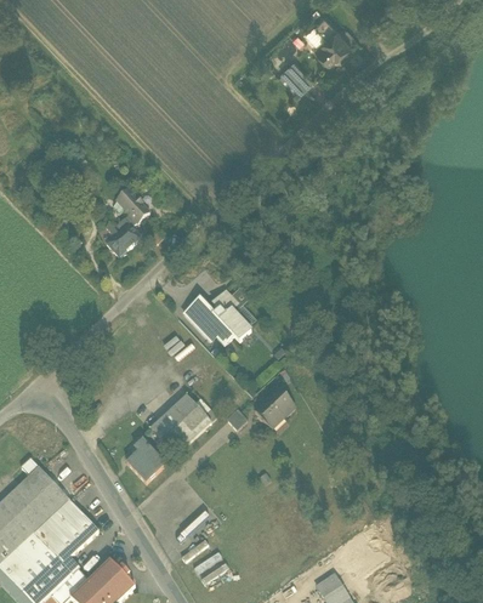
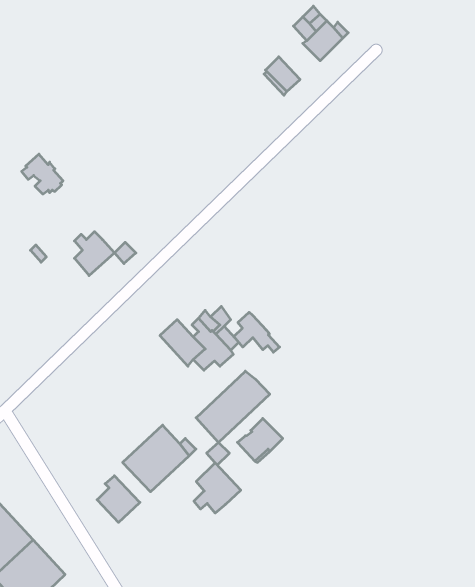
building: [112,187,149,223] -> [22,154,63,194]
building: none -> [234,312,280,352]
building: none -> [196,371,270,442]
building: none -> [194,463,241,513]

